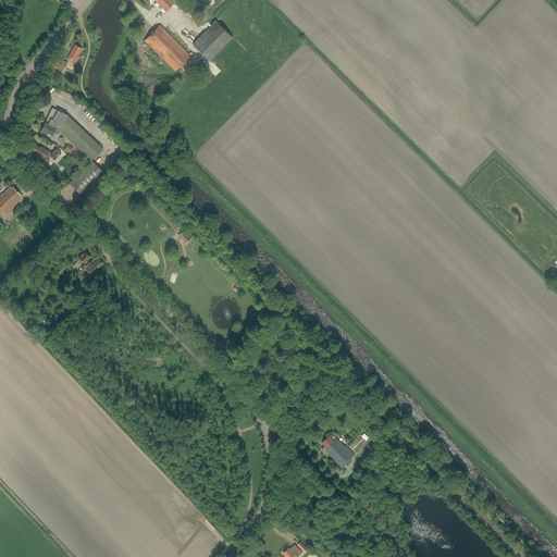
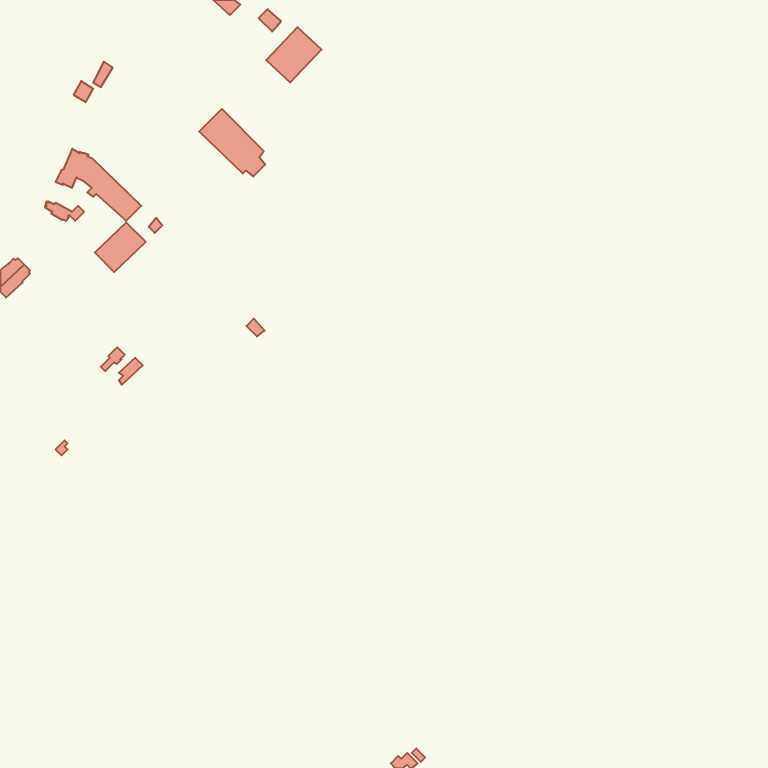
building: [144,25,191,74] -> [199,109,265,177]
building: [322,435,355,468] -> none

